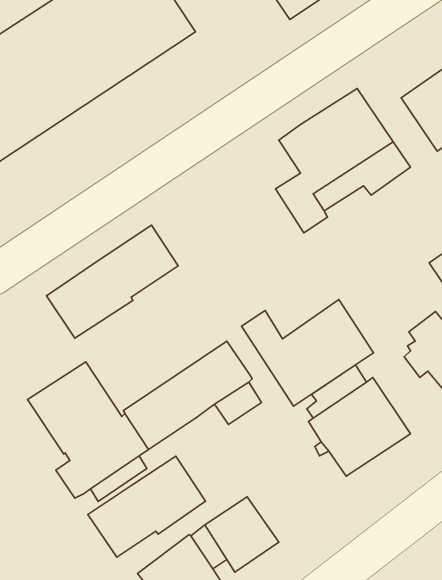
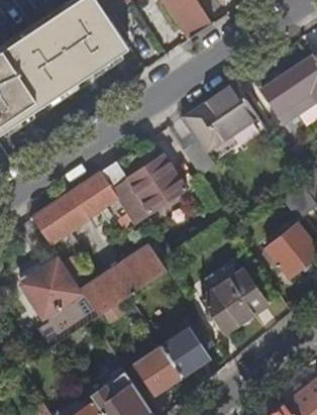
building: [242,300,373,406] -> [101,154,186,223]
building: [88,456,206,557] -> none
building: none -> [163,321,215,376]

